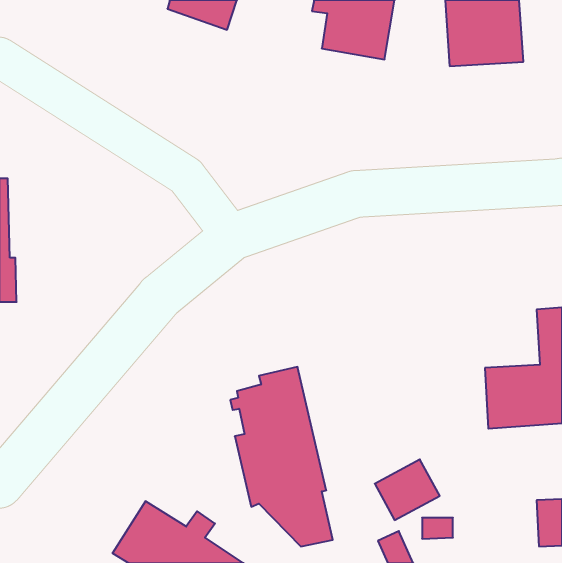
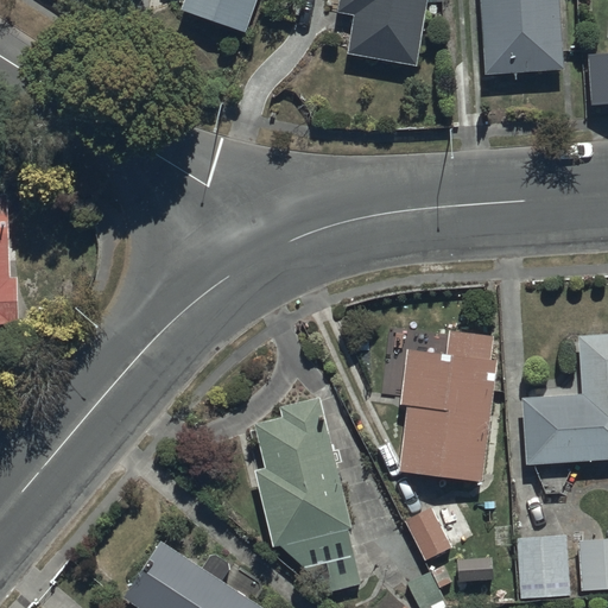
building: none -> [397,330,498,482]
building: none -> [515,534,570,600]

